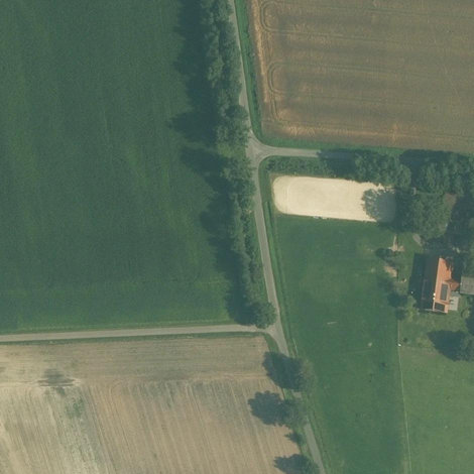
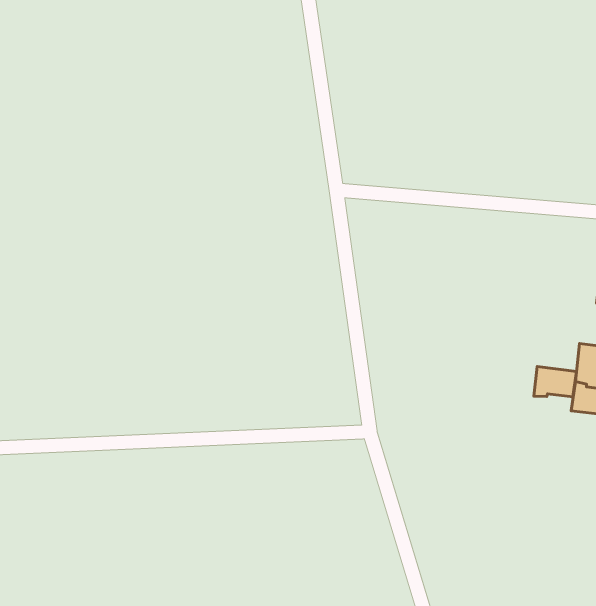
building: none -> [534,366,577,397]

